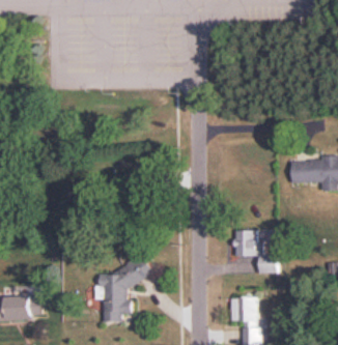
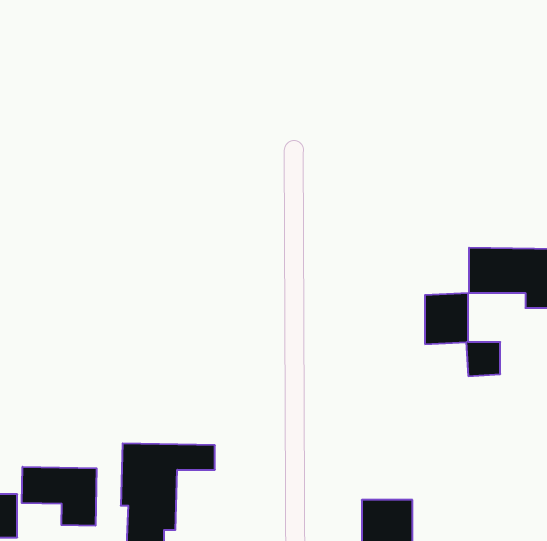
building: [233,228,275,274] -> [425,293,500,376]
building: none -> [22,467,97,526]

